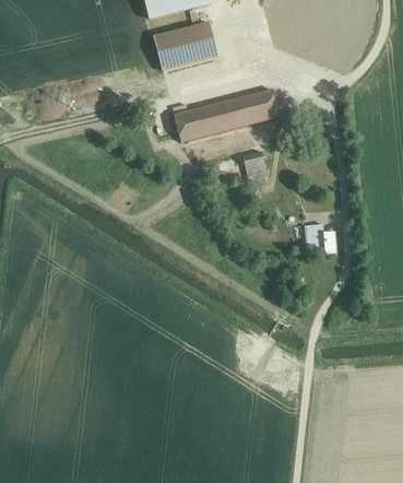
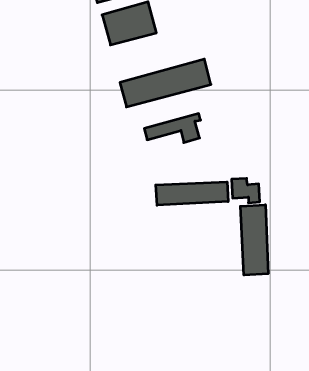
building: none -> [156,182,228,205]
building: none -> [240,205,268,275]

